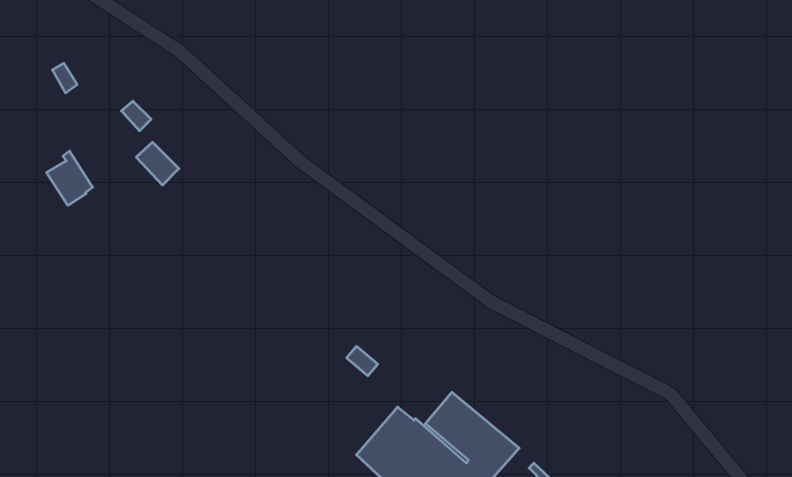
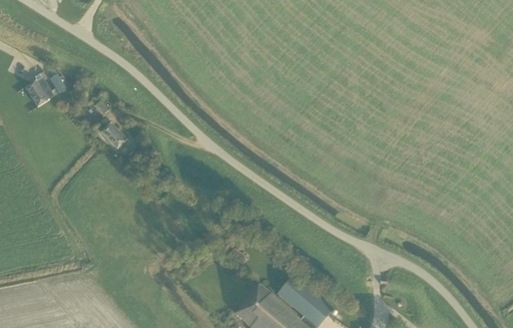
building: [47,151,93,205] -> [24,72,52,105]

